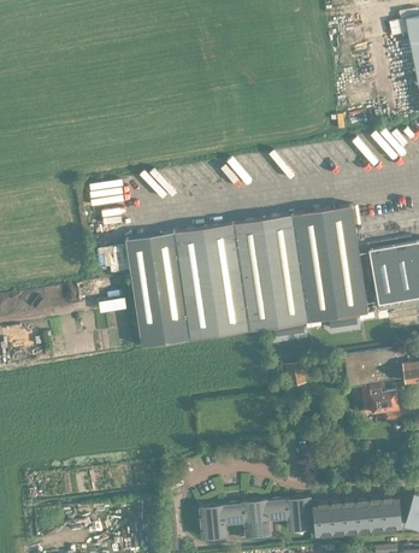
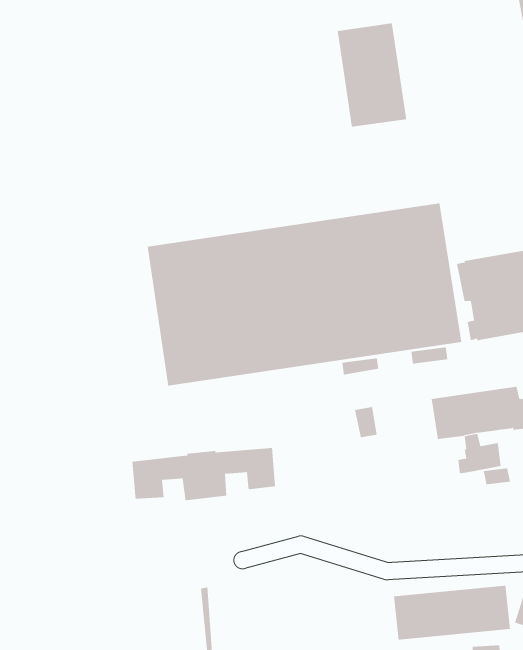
building: none -> [337,23,407,128]
building: [200,498,311,539] -> [132,447,276,501]

